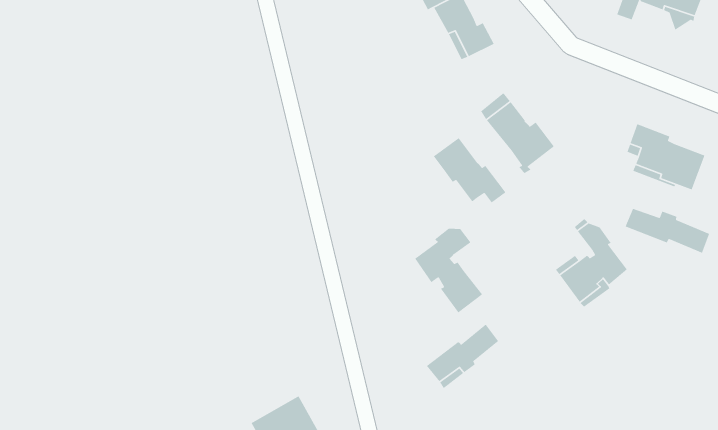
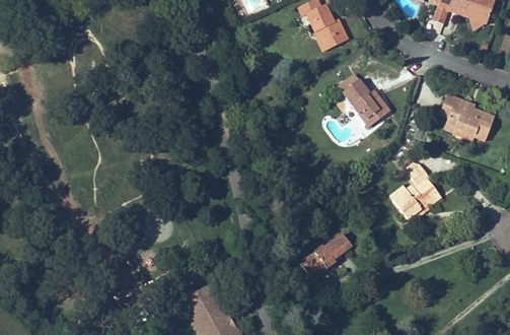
building: [433,137,507,203] -> none
building: [624,208,710,254] -> none
building: [414,228,483,314] -> none

